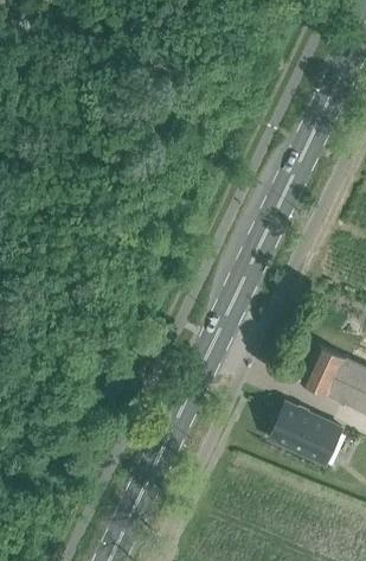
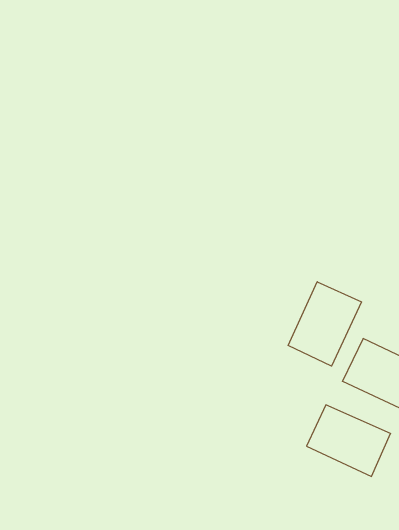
building: none -> [288,282,362,366]

